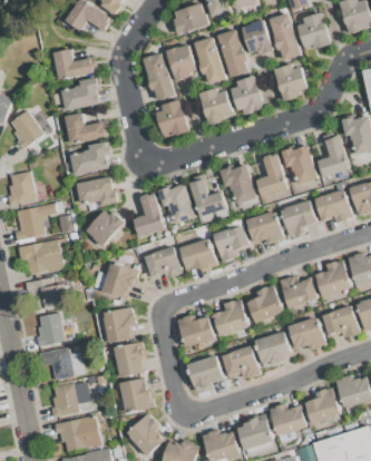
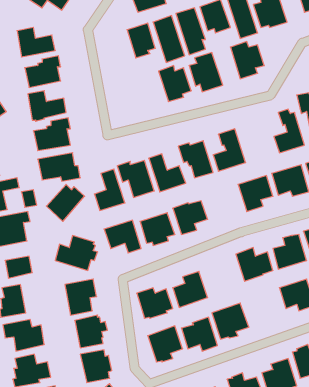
building: [145,53,175,100] -> none
building: [155,99,189,138] -> none
building: [281,146,318,183] -> none
building: [247,210,284,244] -> none
building: [246,285,283,323] -> none
building: [289,318,326,351] -> none

